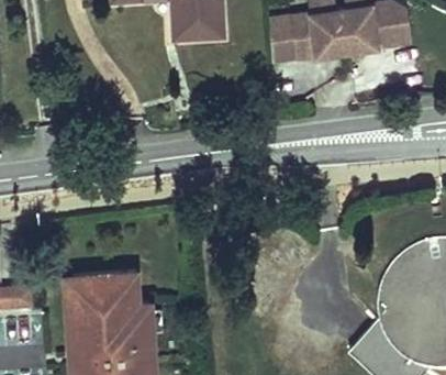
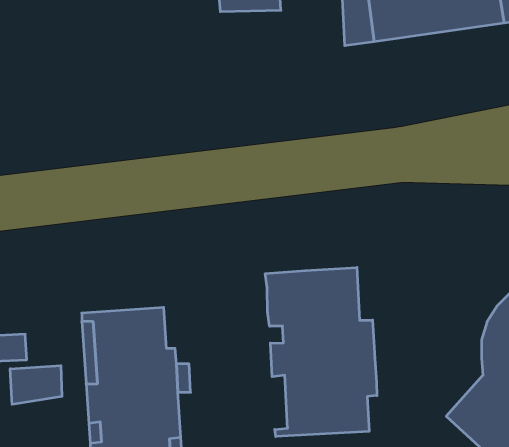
building: none -> [265,267,377,437]
building: none -> [10,366,62,404]

